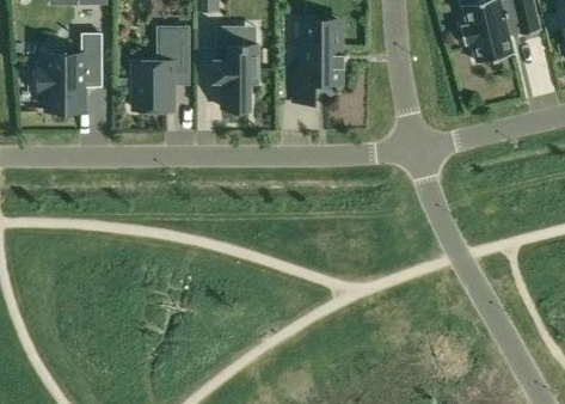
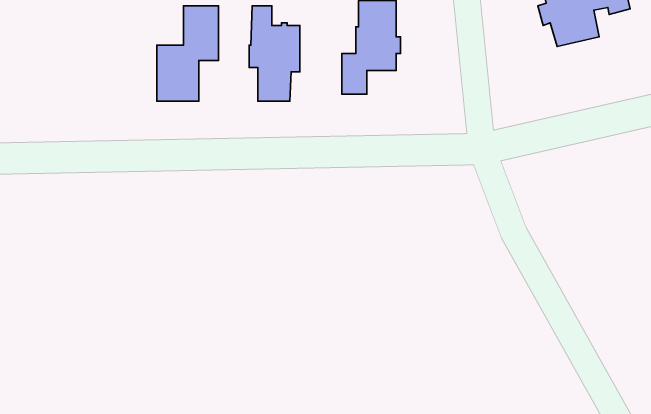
building: [41,33,102,109] -> none

